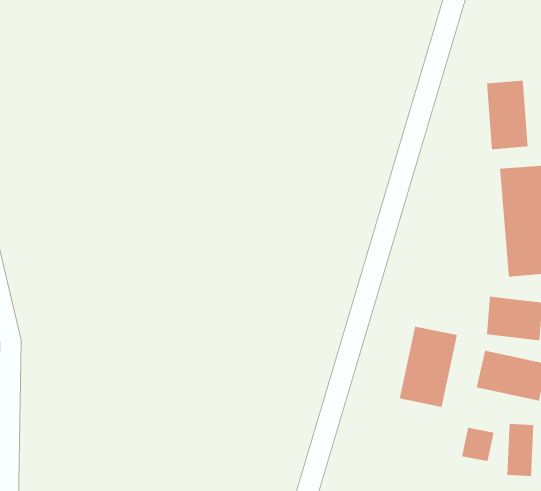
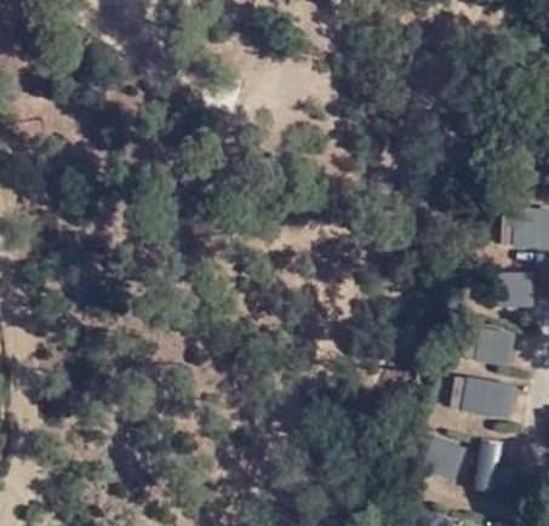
building: [486,80,529,150] -> none
building: [399,326,458,408] -> none

